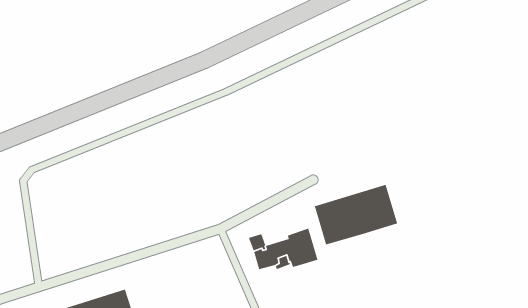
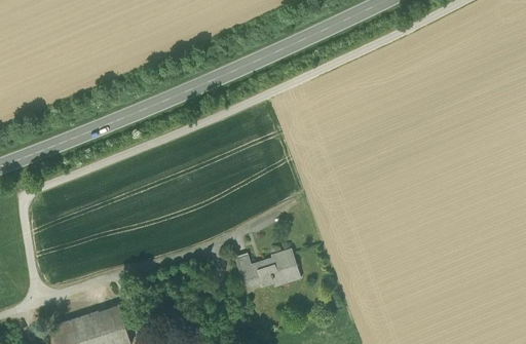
building: [314,184,398,246] -> none

